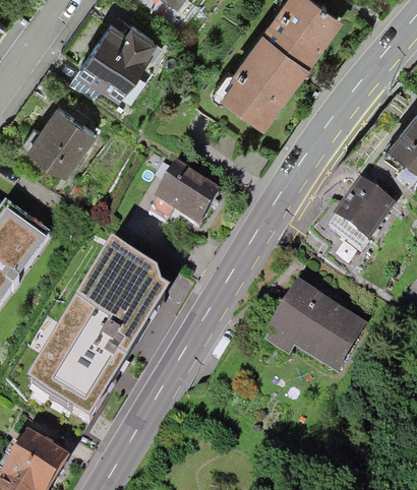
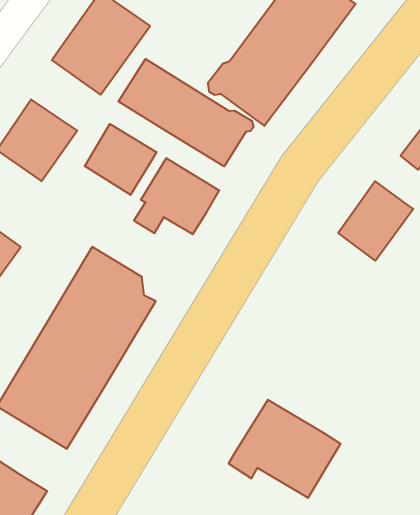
building: none -> [118,59,254,166]
building: none -> [85,124,157,195]
building: [264,288,363,374] -> [229,400,341,498]

